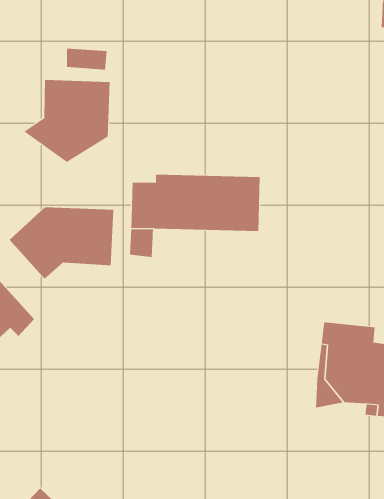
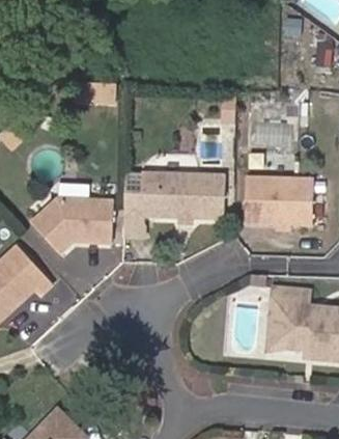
building: [23,79,110,163] -> none
building: none -> [245,175,313,220]

